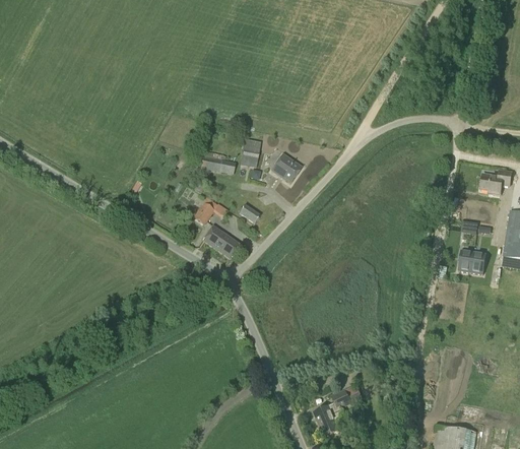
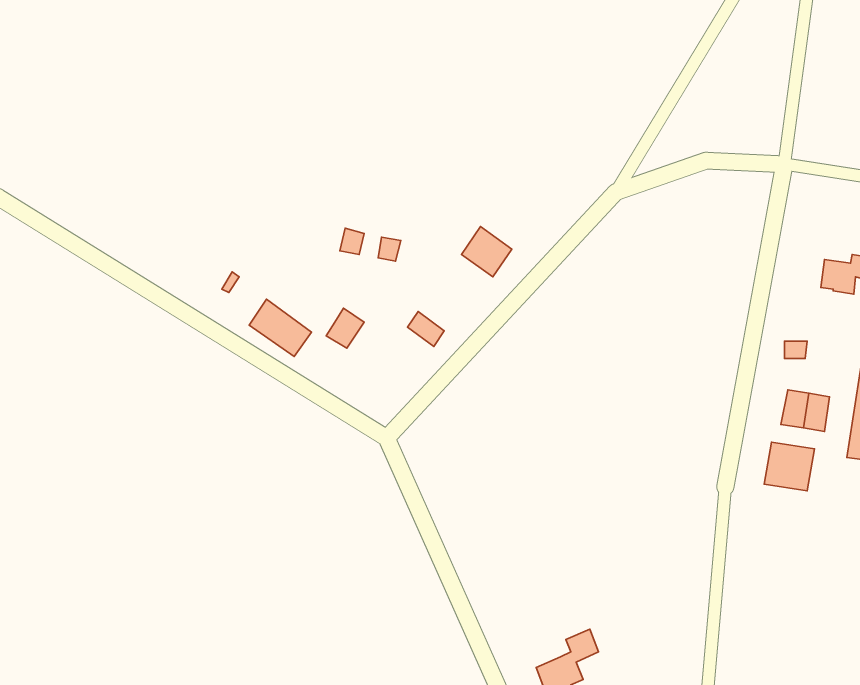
building: [241,138,262,167] -> none
building: [205,224,242,258] -> [249,299,312,356]
building: none -> [764,442,814,491]

